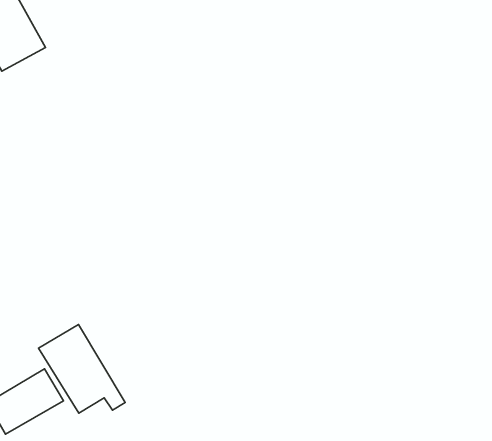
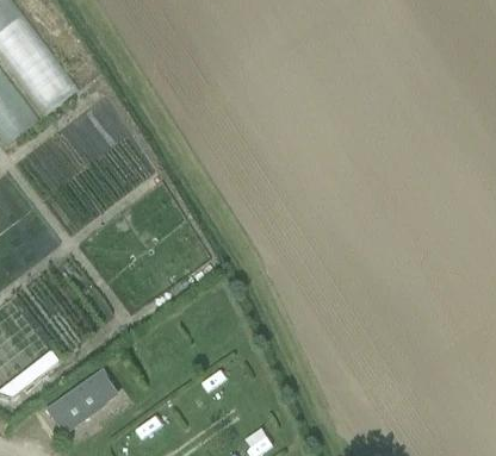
building: [39,324,125,413] -> none

